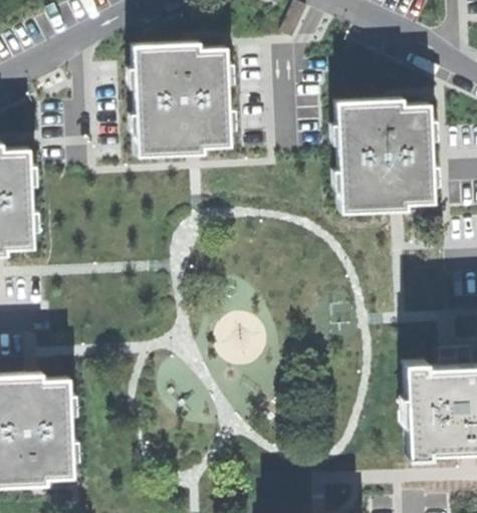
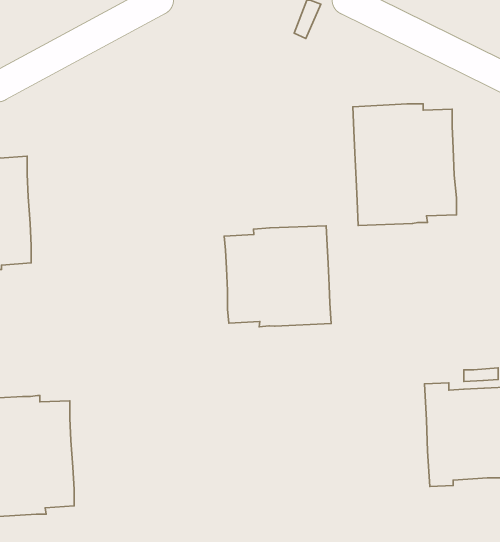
building: [133,44,231,159] -> none
building: none -> [224,226,331,327]

